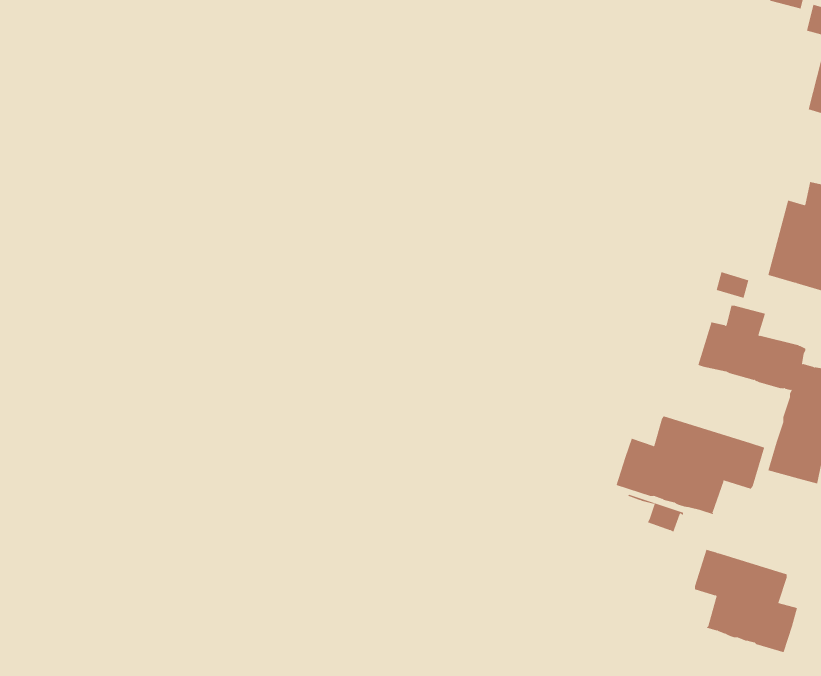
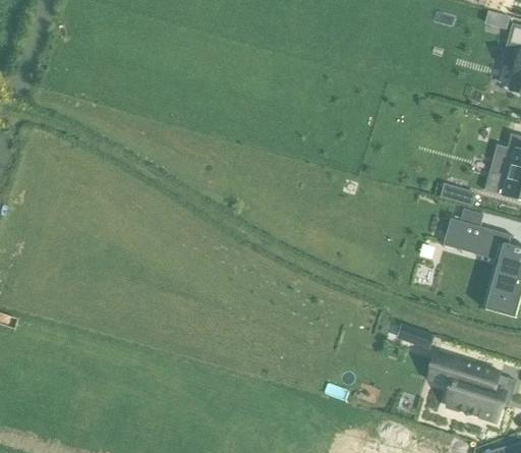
building: [616,415,765,515] -> none

